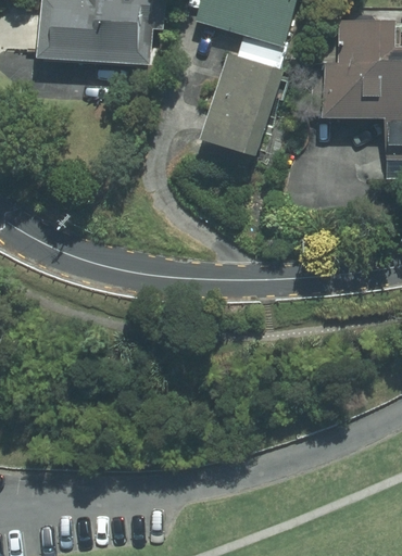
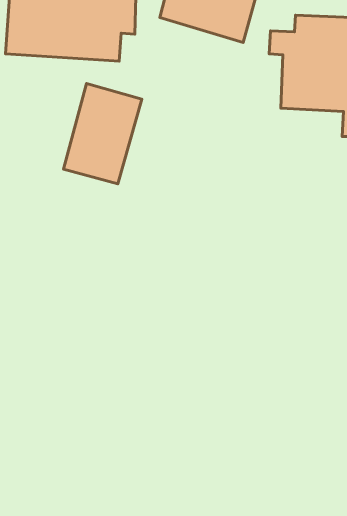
building: [203,50,285,154] -> [64,84,142,184]

